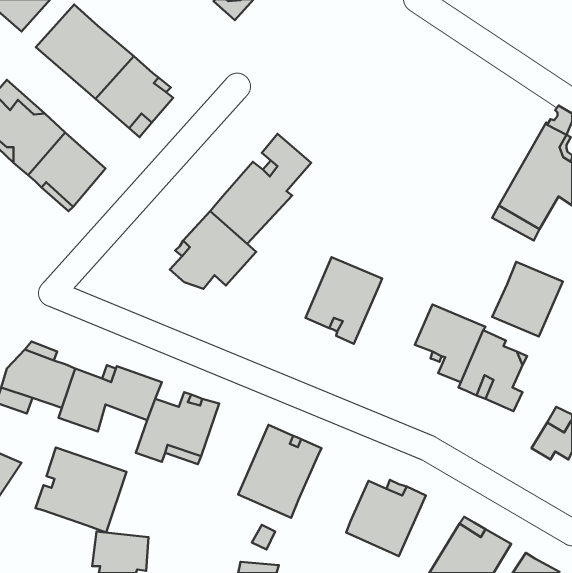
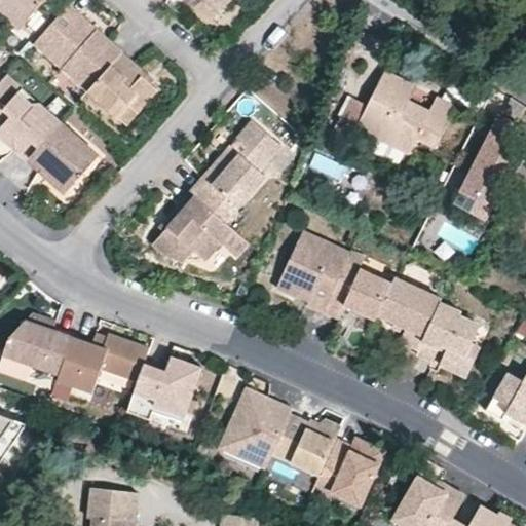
building: none -> [339,70,455,152]
building: [492,262,563,336] -> none
building: none -> [324,262,393,322]
building: [36,448,126,532] -> none
building: none -> [273,416,342,477]

